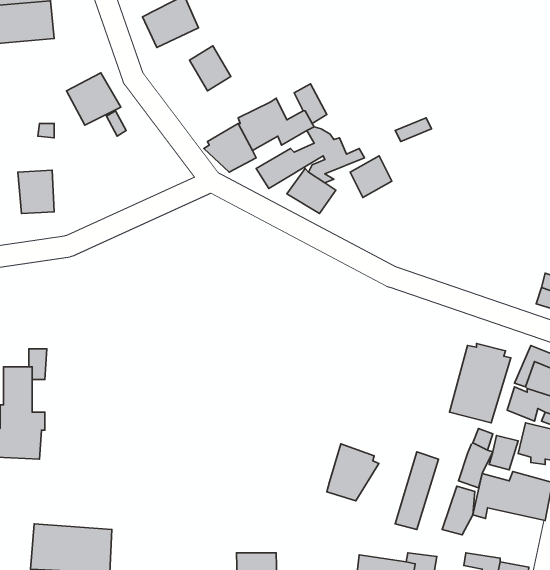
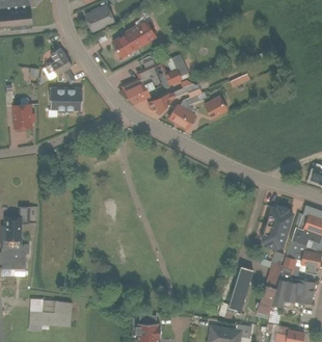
building: none -> [124,20,155,50]
building: none -> [49,87,81,111]
building: [327,444,379,501] -> none

